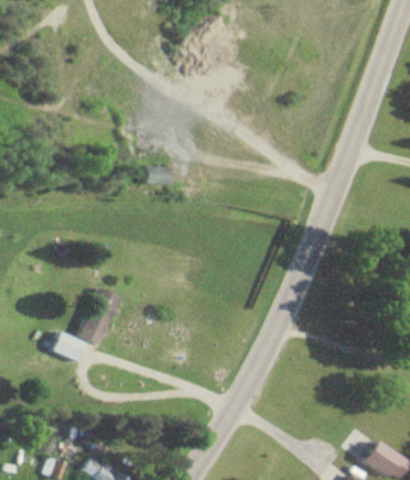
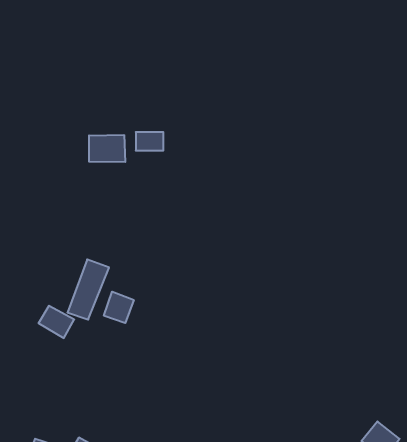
building: none -> [89,135,125,162]
building: none -> [104,292,134,323]

